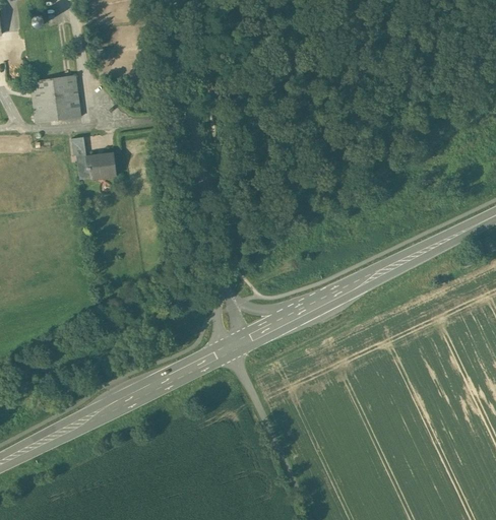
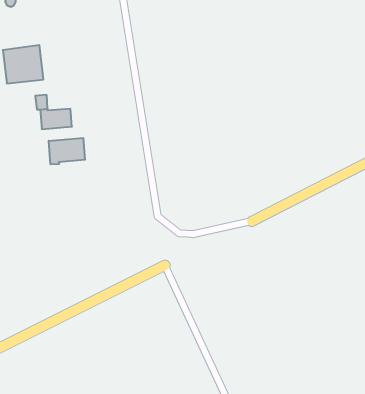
building: none -> [49,138,85,164]

